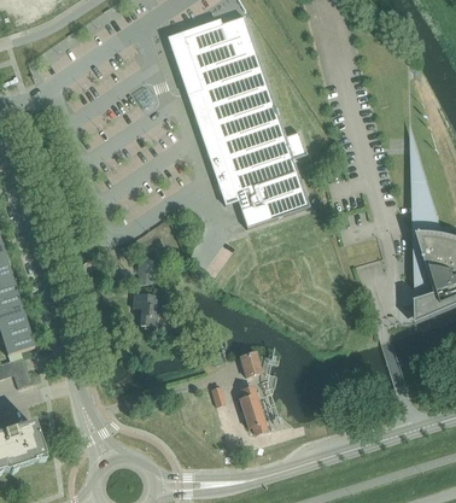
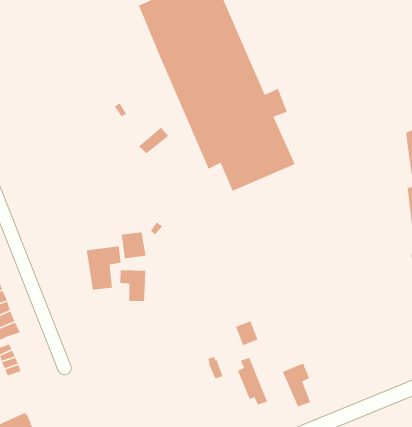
building: none -> [86,245,122,290]
building: none -> [282,362,311,408]

